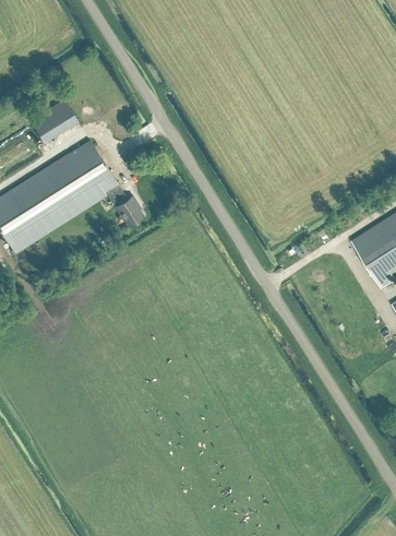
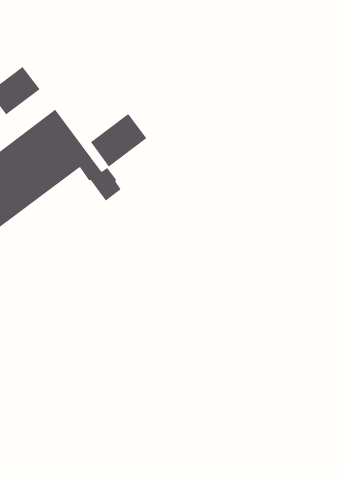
building: none -> [90,113,147,167]

